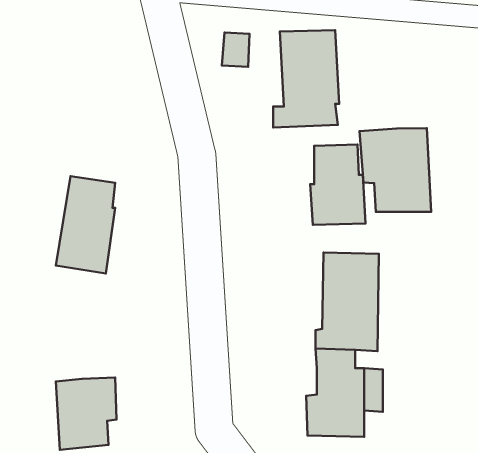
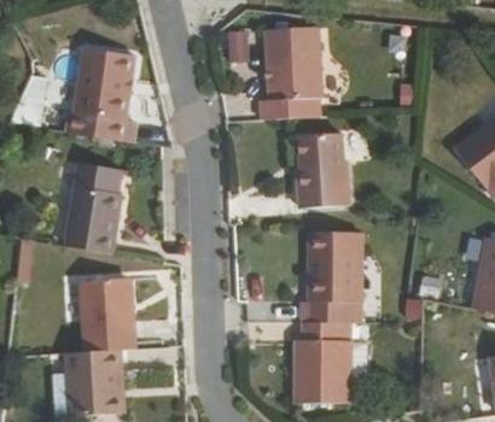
building: none -> [65,46,132,140]
building: [359,128,431,212] -> none
building: none -> [85,276,135,350]

